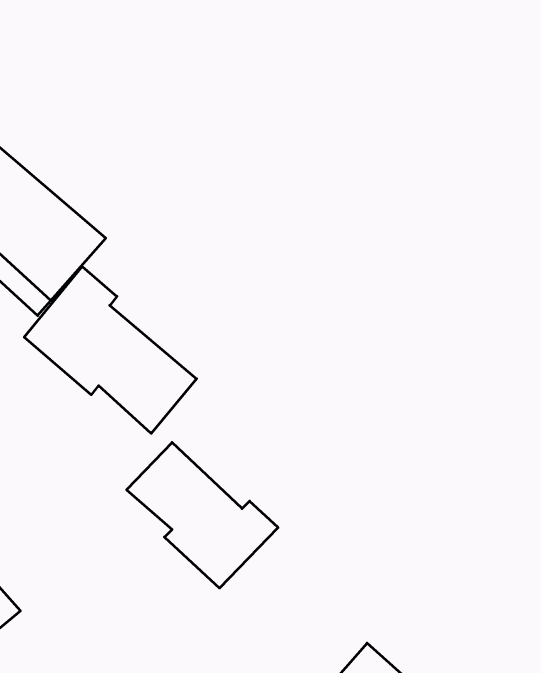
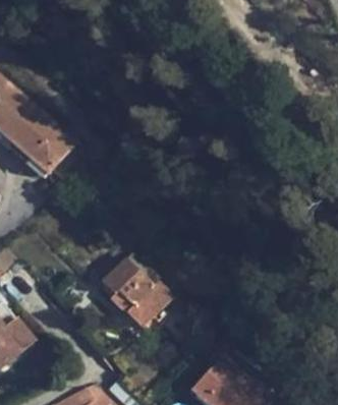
building: [24,267,197,433] -> none

